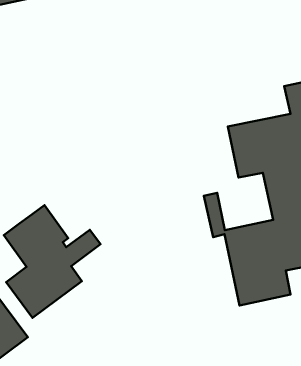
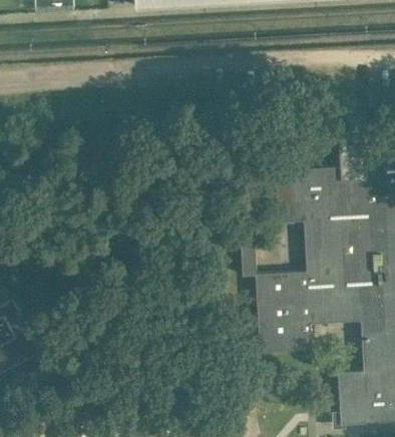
building: [4,205,100,318] -> none

